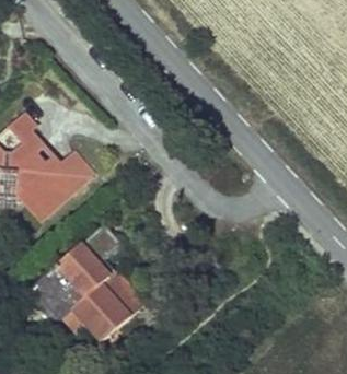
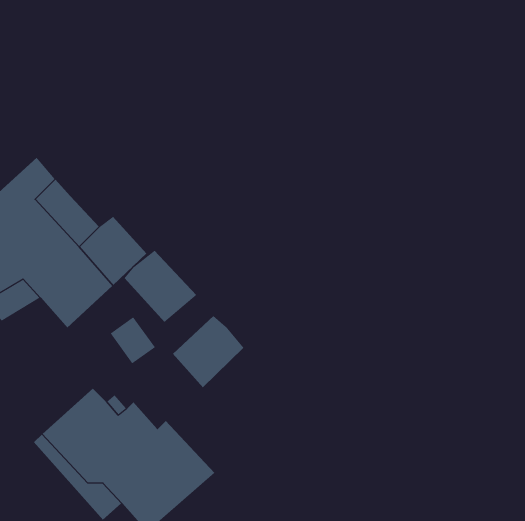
building: none -> [124,250,197,323]
building: none -> [172,315,244,388]

